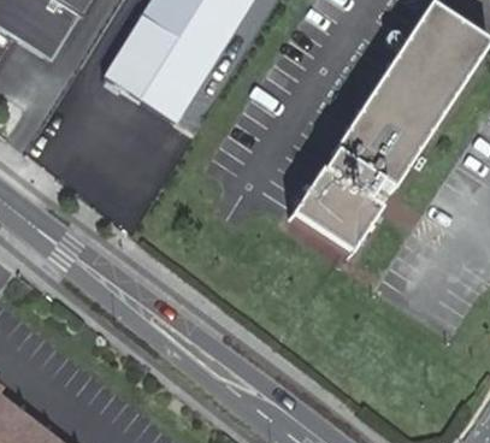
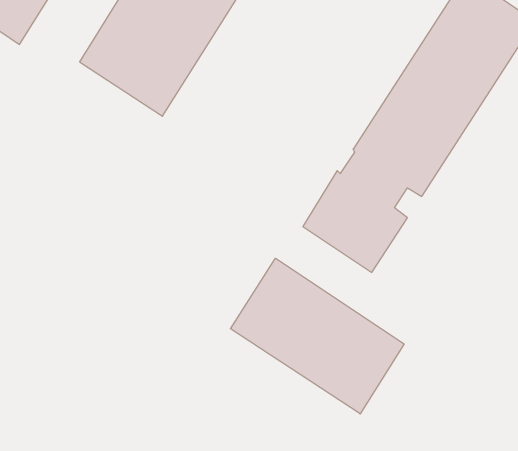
building: none -> [230,258,404,414]

